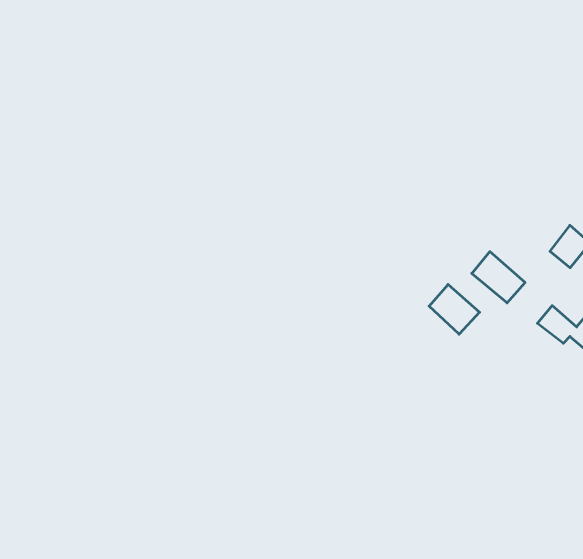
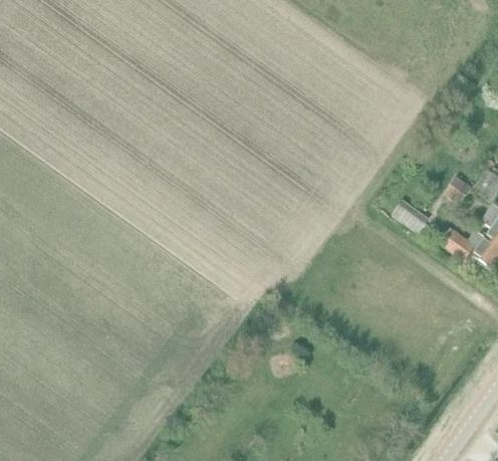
building: [429,284,480,334] -> none

